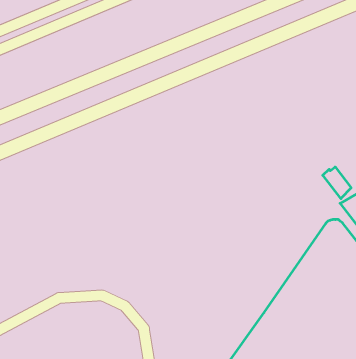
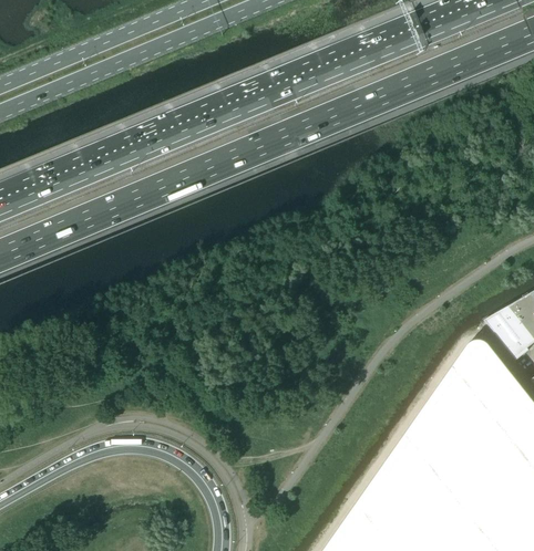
building: [323,167,351,199] -> none

